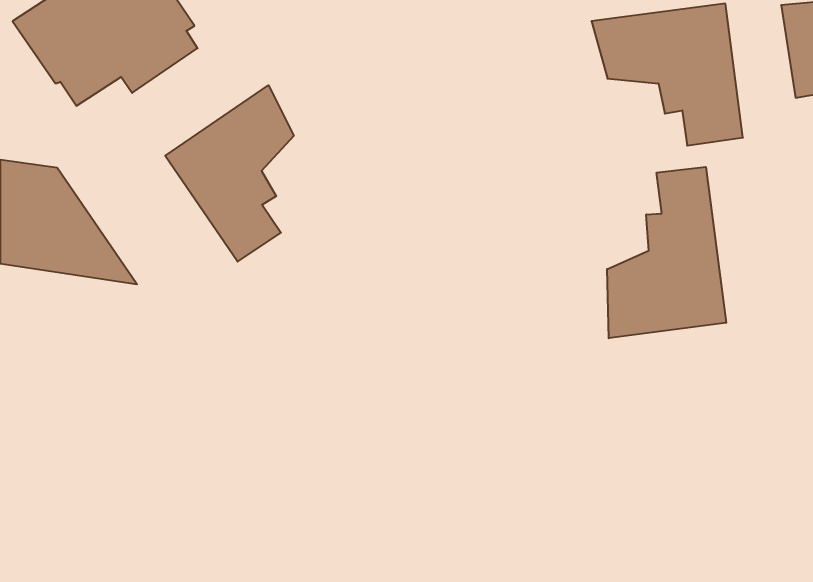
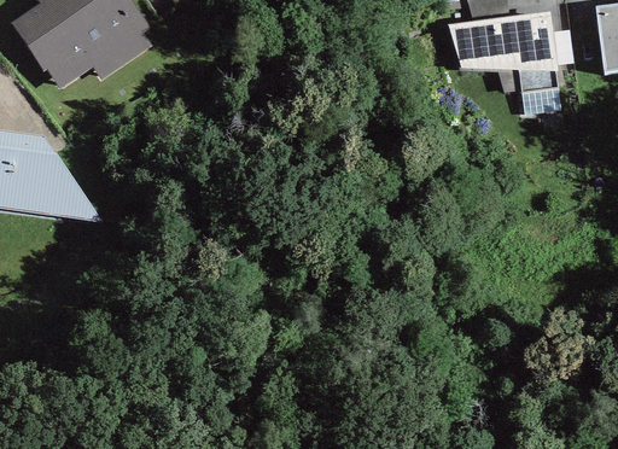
building: [165,85,294,262] -> none
building: [607,167,726,338] -> none

